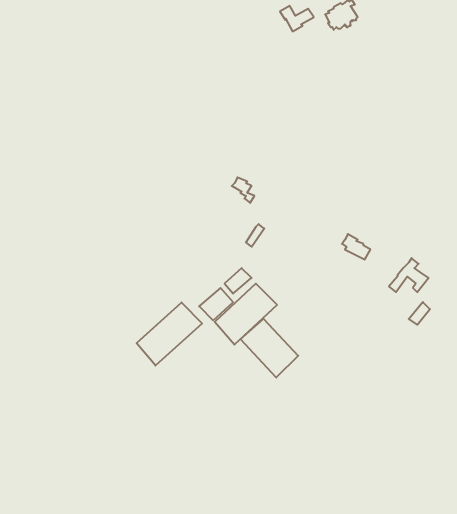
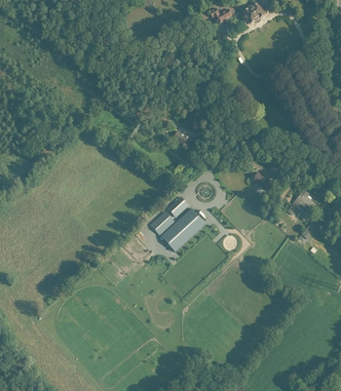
building: [137,302,202,366] -> none
building: [240,319,298,378] -> none

